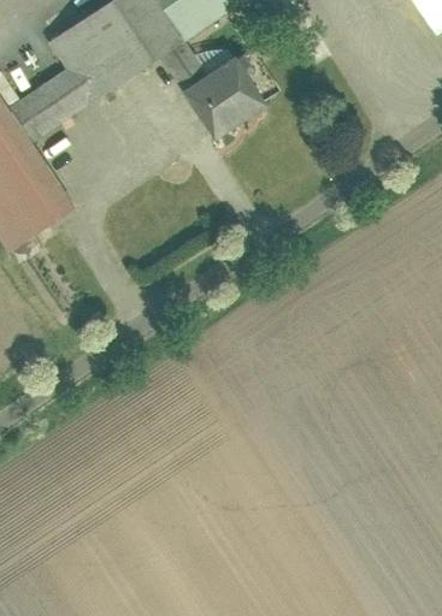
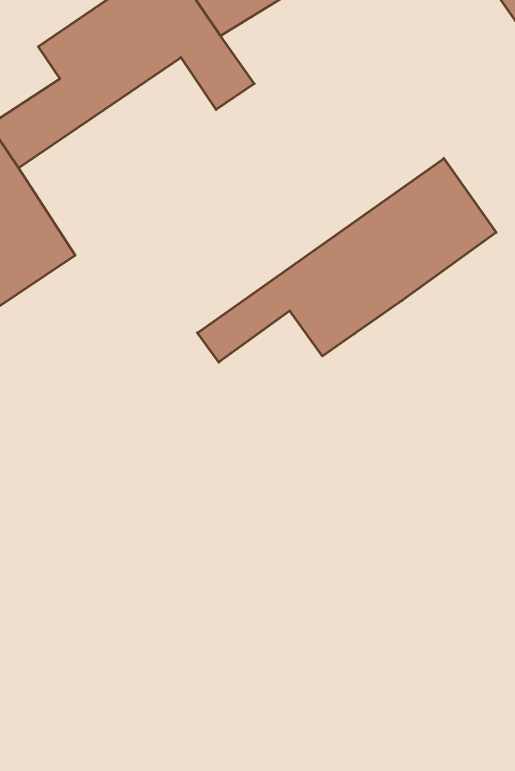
building: [188,58,270,142] -> none
building: none -> [197,158,496,362]

